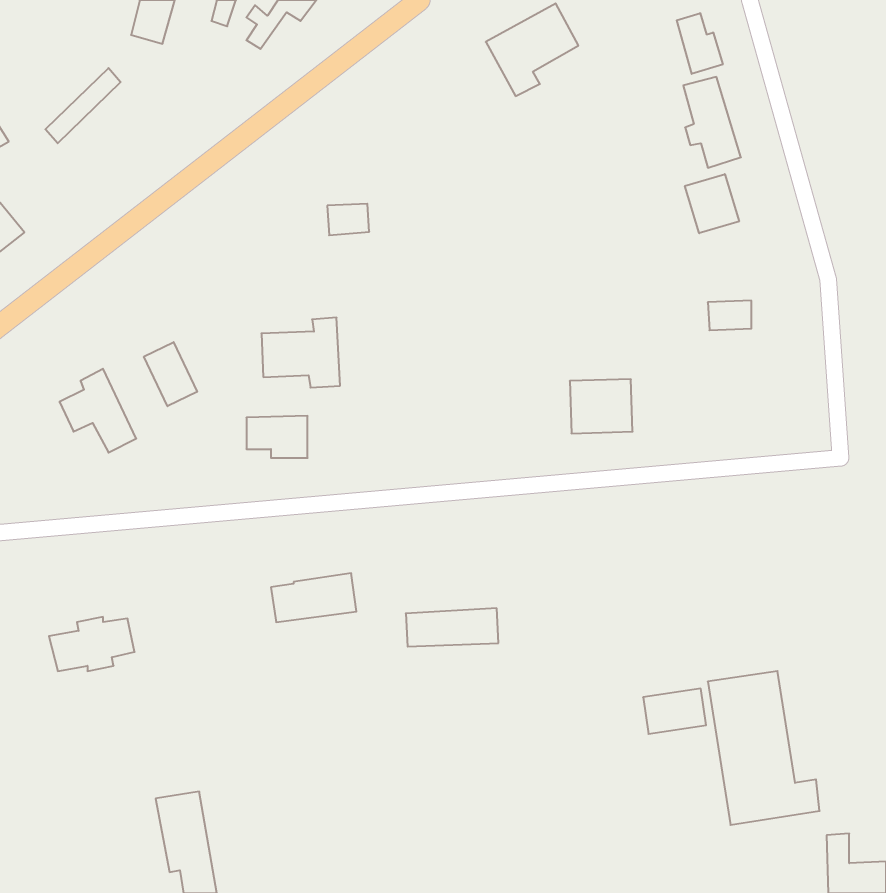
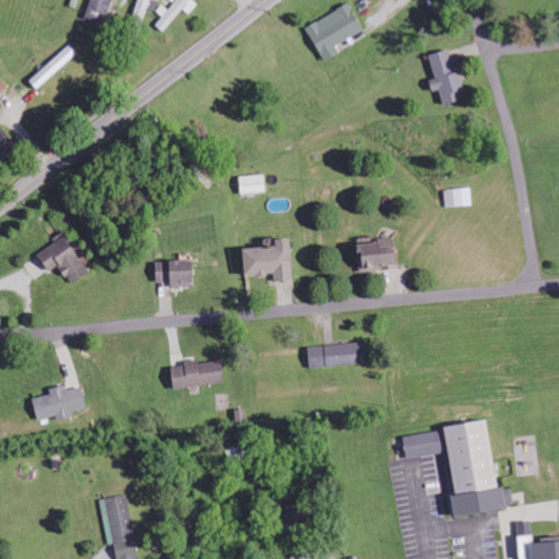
building: [677,13,723,74] -> none
building: [685,174,739,233] -> none
building: [327,204,369,235] -> [238,174,264,193]
building: [261,318,340,388] -> [242,237,292,281]
building: [144,342,197,406] -> none
building: [406,608,498,647] -> [307,342,365,366]

